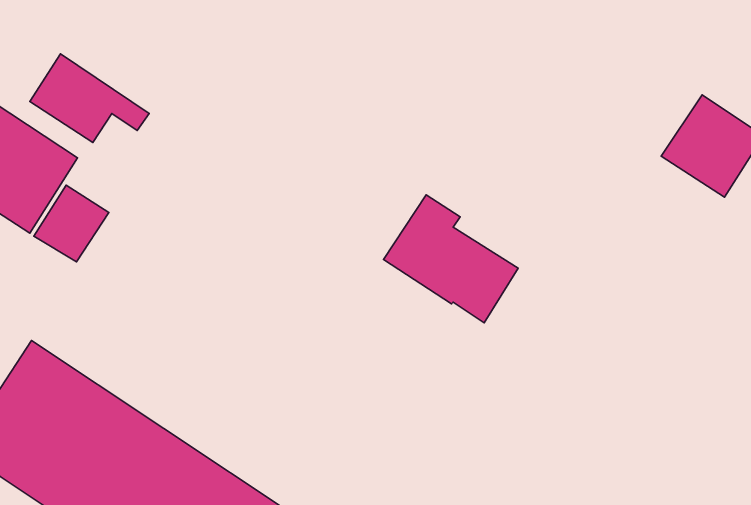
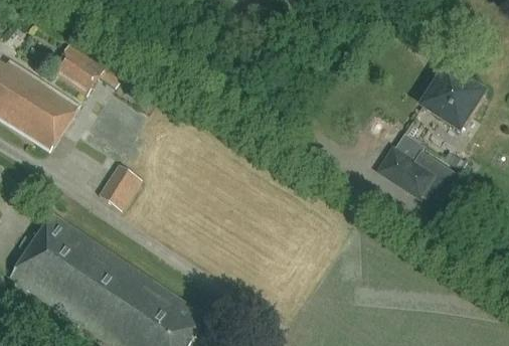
building: [34,185,109,262] -> [95,165,139,210]
building: [383,195,518,323] -> [378,133,458,208]

